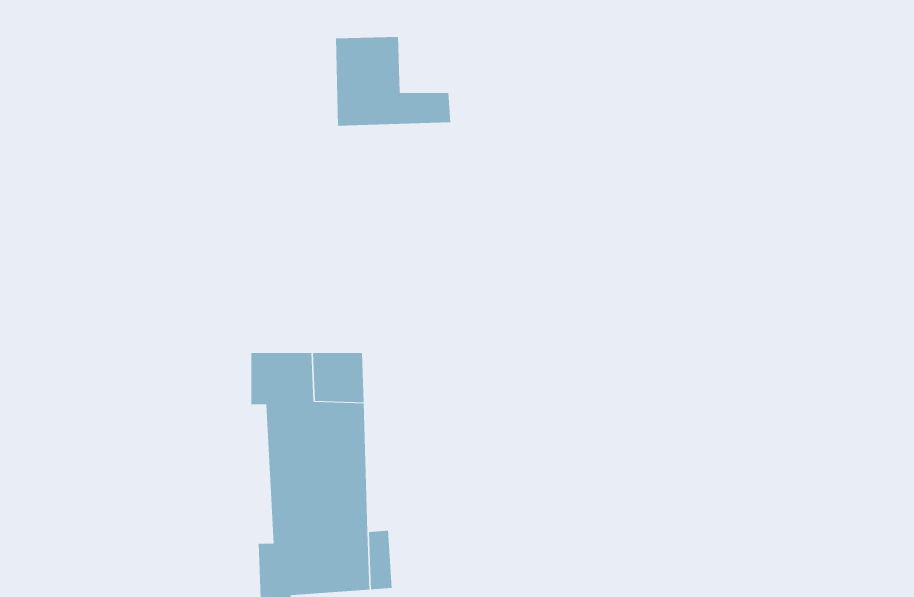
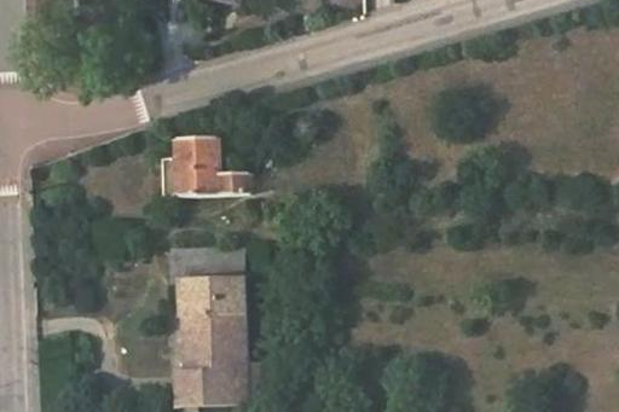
building: [335,36,451,126] -> [174,140,249,198]

